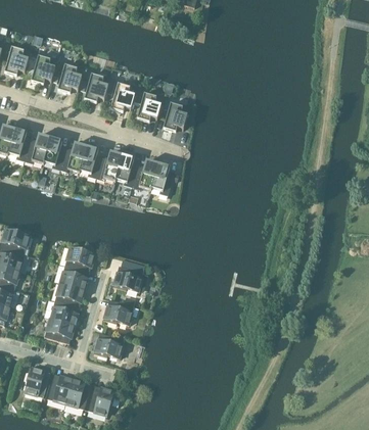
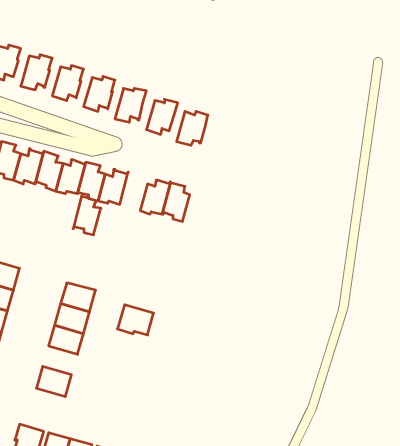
building: [114,153,138,186] -> [73,196,101,235]
building: [103,298,134,325] -> none
building: [49,300,79,325] -> none
building: [94,332,124,357] -> none

